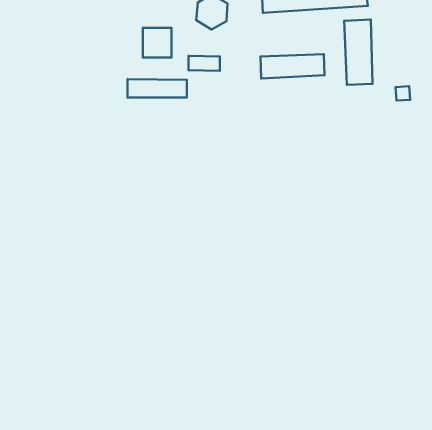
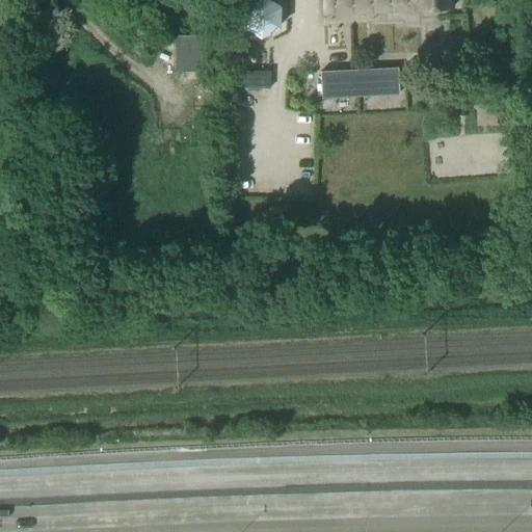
building: [344,20,372,85] -> none
building: [127,79,187,98] -> none

